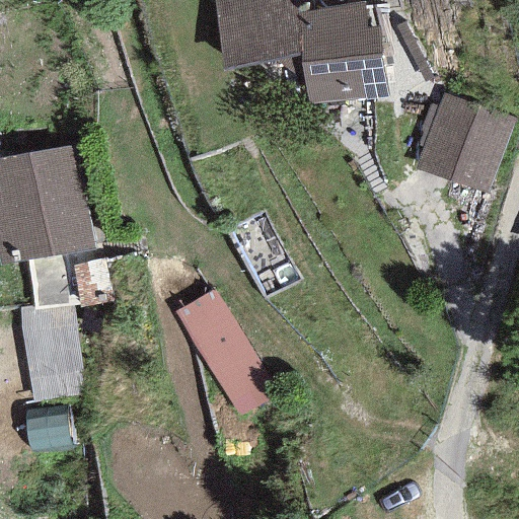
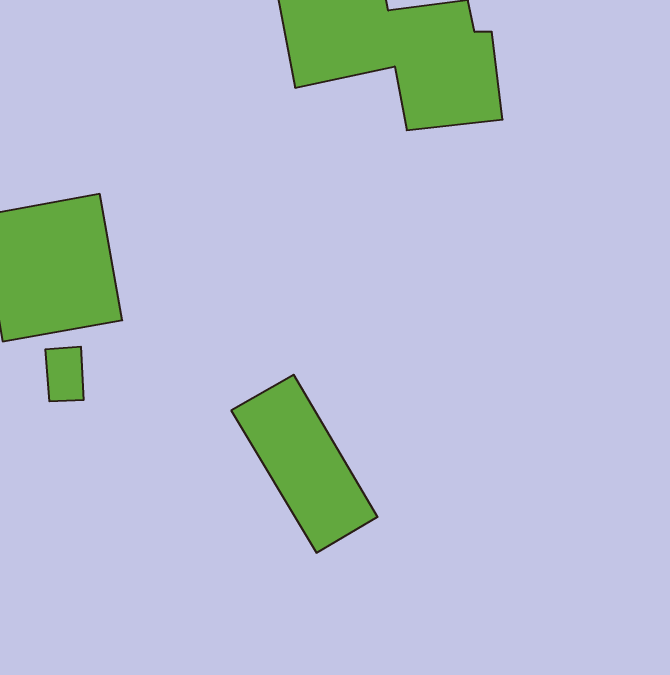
building: [414,91,507,190] -> none
building: [24,308,85,404] -> none

